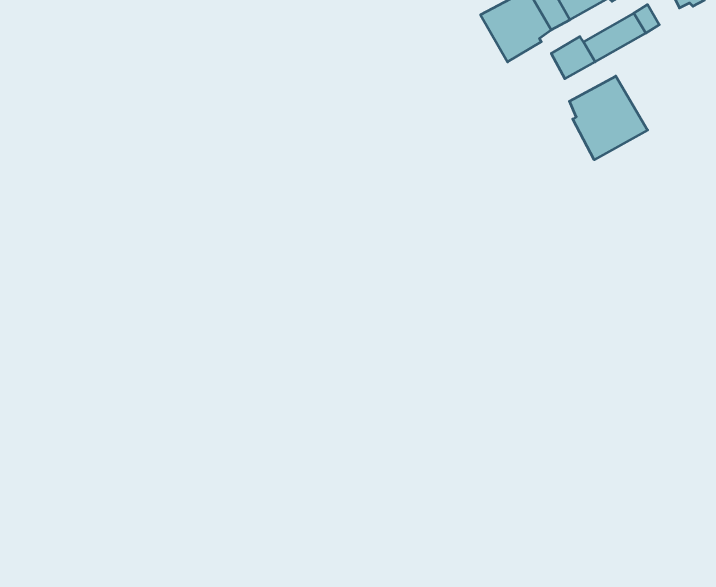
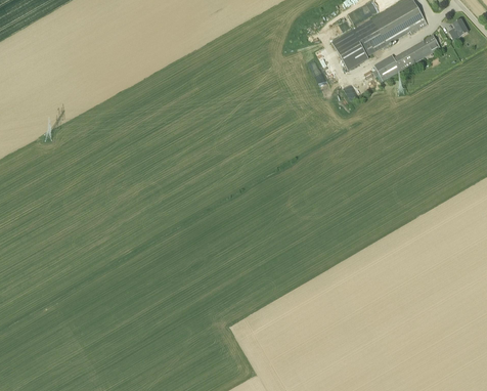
building: [569,76,648,160] -> none

